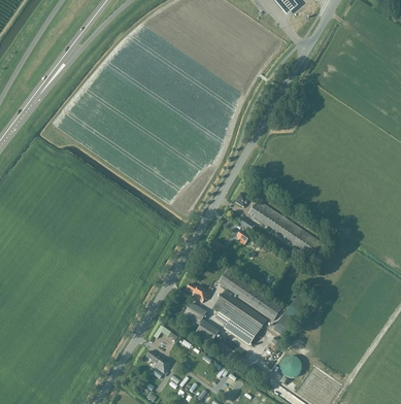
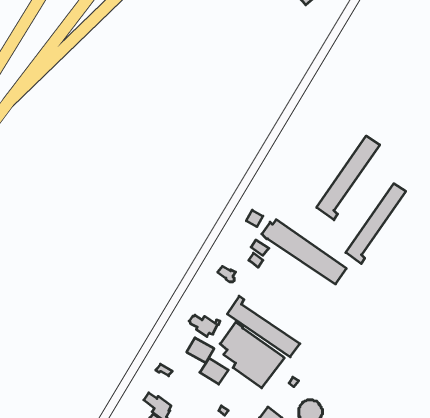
building: none -> [317,136,380,220]
building: none -> [346,184,406,264]

